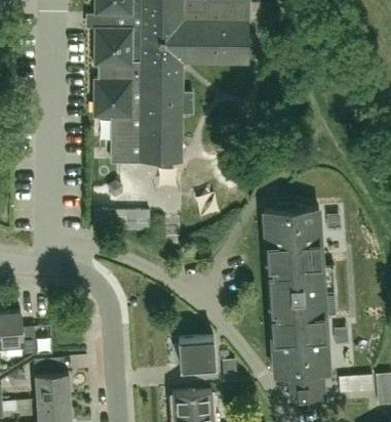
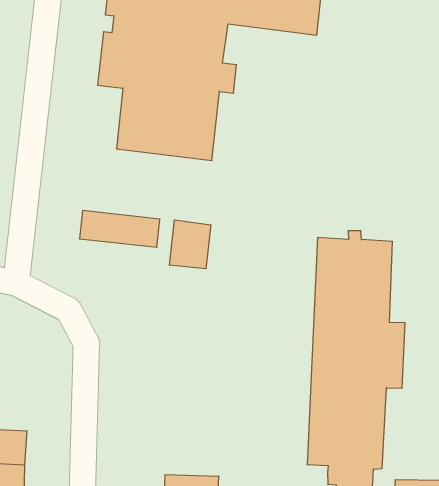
building: none -> [170,220,211,269]
building: [180,337,217,380] -> none

